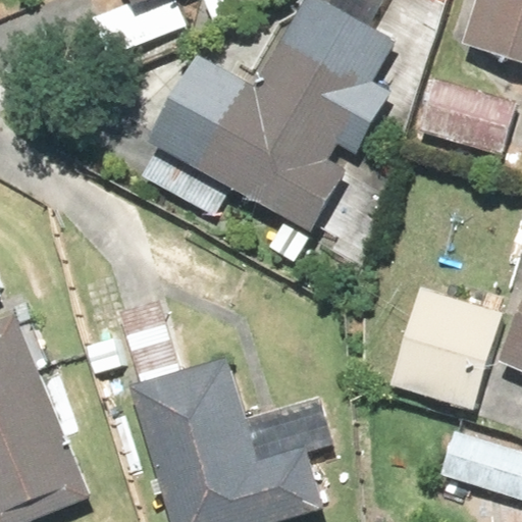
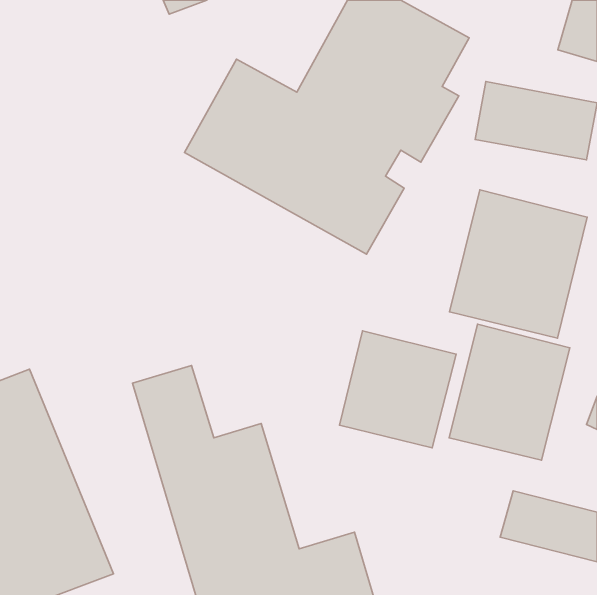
building: none -> [449,190,587,338]
building: none -> [339,331,456,448]

